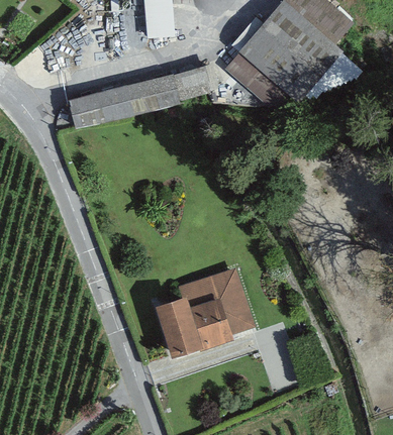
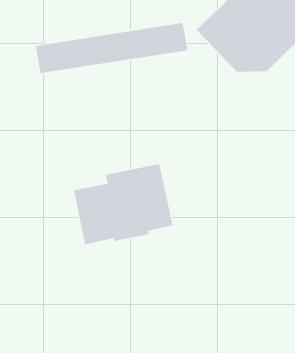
building: [155,268,257,356] -> [73,163,174,245]

